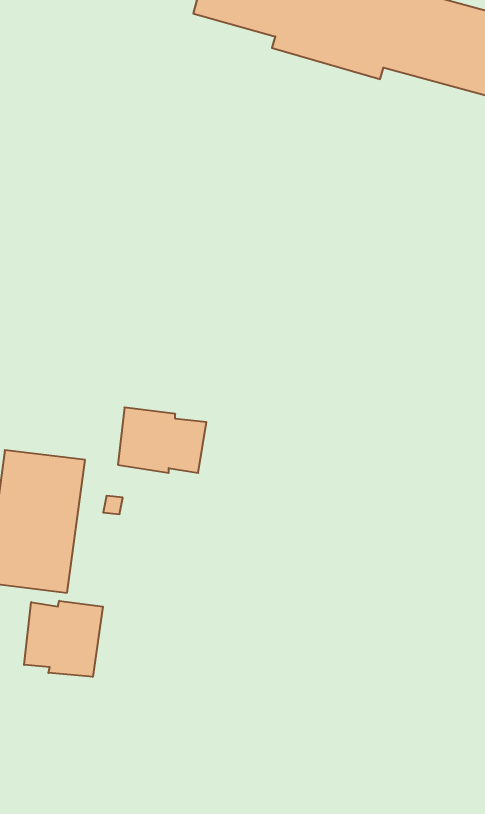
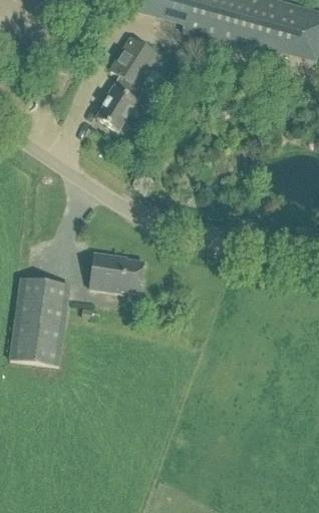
building: none -> [95,37,157,131]
building: [24,601,103,677] -> none

